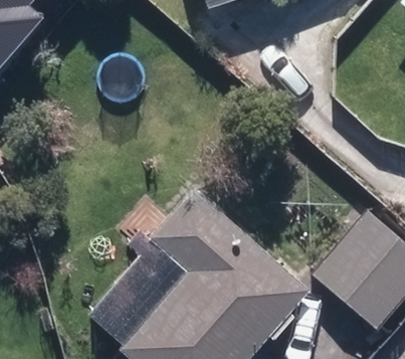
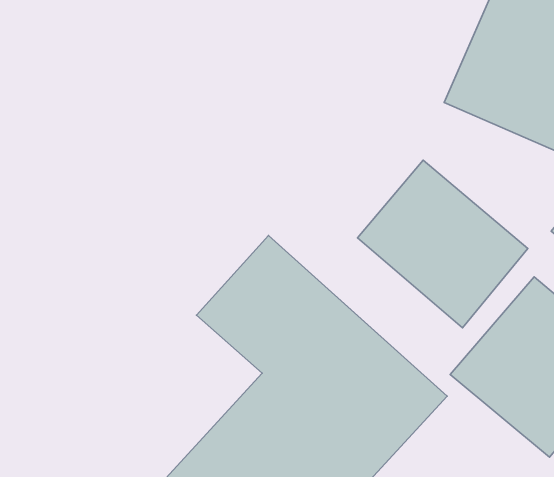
building: none -> [357,160,528,328]

